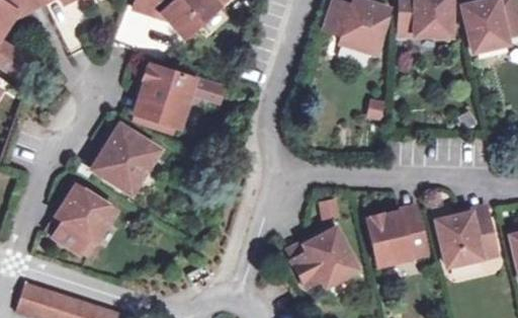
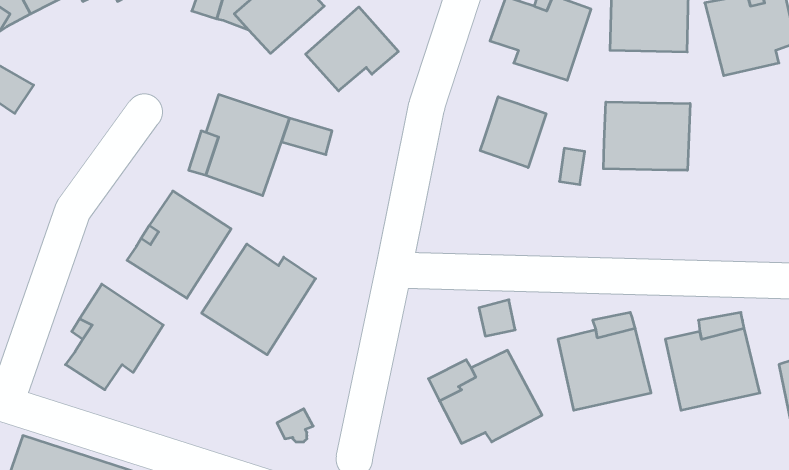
building: none -> [306,7,398,91]
building: none -> [480,97,546,168]
building: none -> [603,102,690,170]
building: none -> [202,244,316,355]

